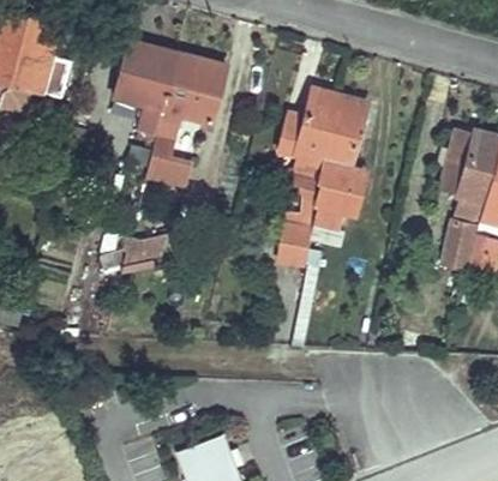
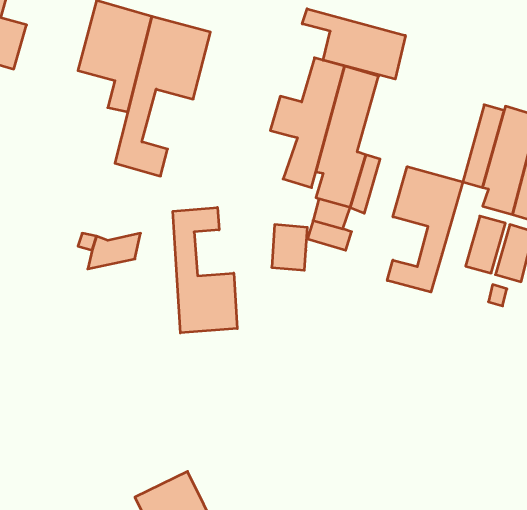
building: none -> [302,9,405,79]
building: none -> [387,167,463,292]
building: none -> [173,207,237,333]

